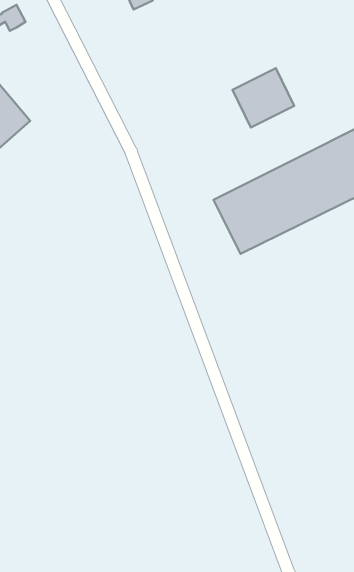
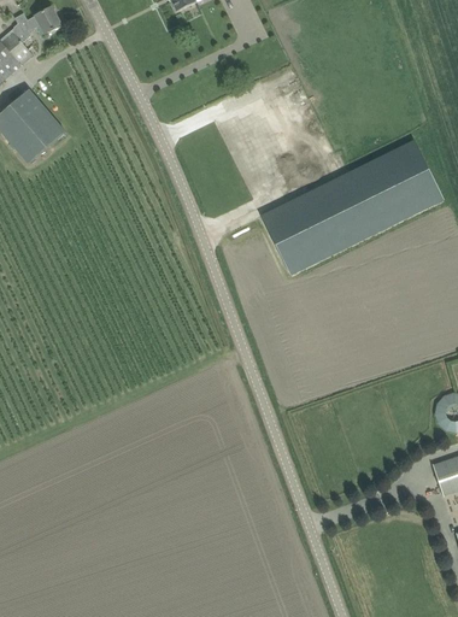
building: [233,68,294,128] -> none

